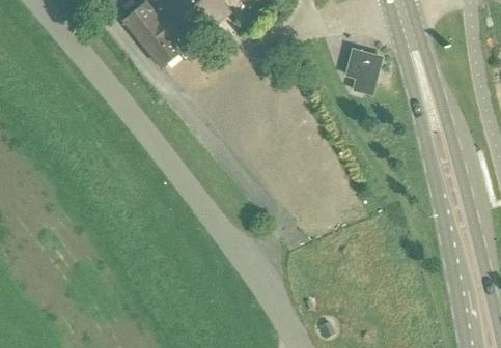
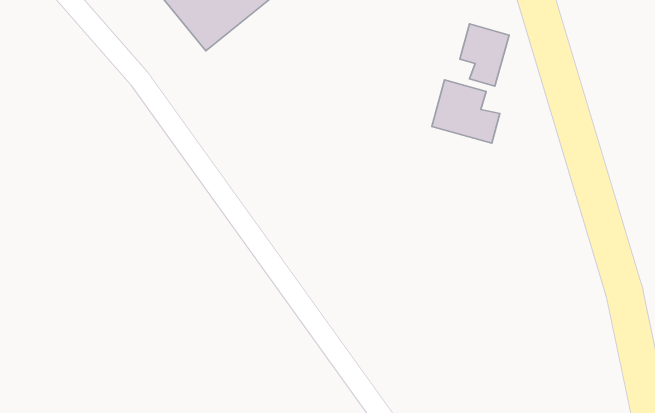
building: none -> [432,80,500,143]

